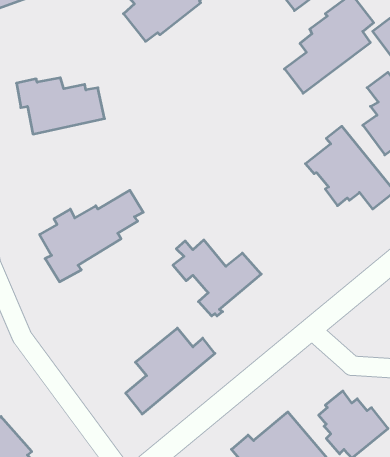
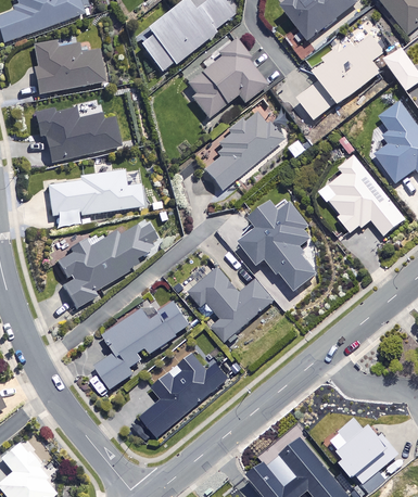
building: none -> [186,40,267,117]
building: none -> [33,41,105,93]
building: none -> [203,111,283,190]
building: none -> [47,162,145,226]
building: none -> [239,201,317,291]
building: none -> [94,300,190,388]

